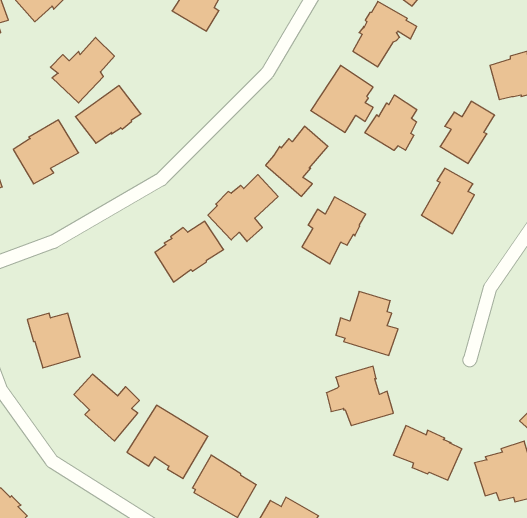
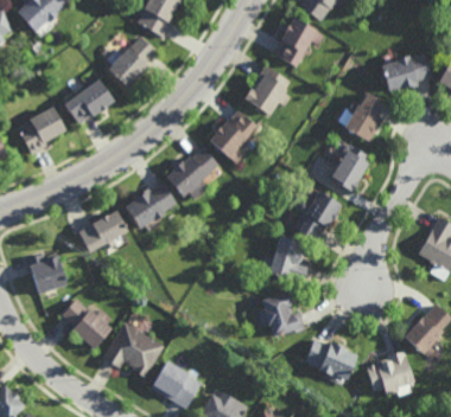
building: [50,37,114,103] -> [107,37,155,86]
building: [365,95,417,150] -> none
building: [302,197,366,264] -> [294,190,343,240]
building: none -> [78,210,127,252]

